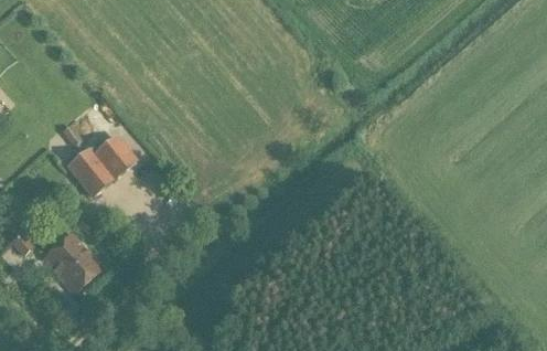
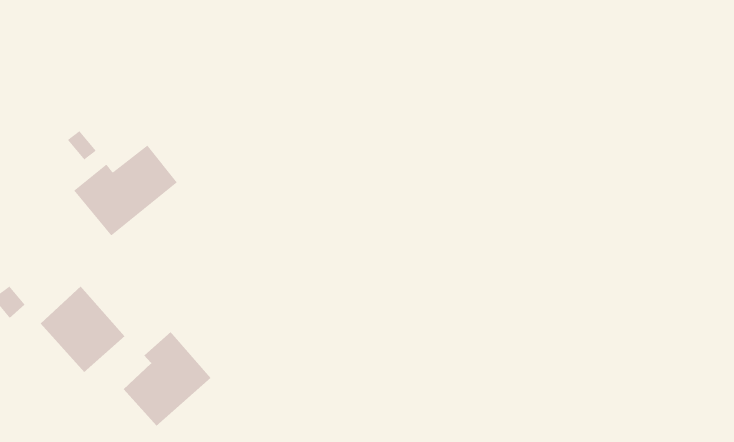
building: none -> [123,331,211,426]

